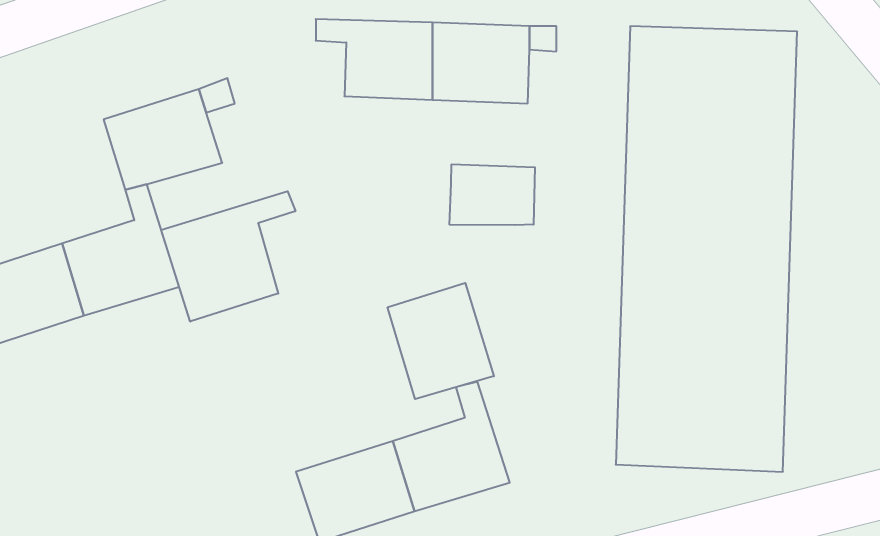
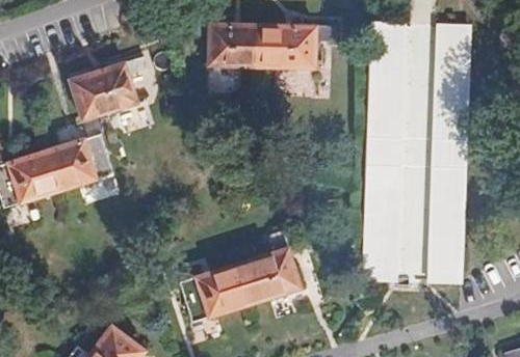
building: [450,164,535,225] -> none
building: [161,191,295,322] -> none
building: [388,283,494,399] -> none

